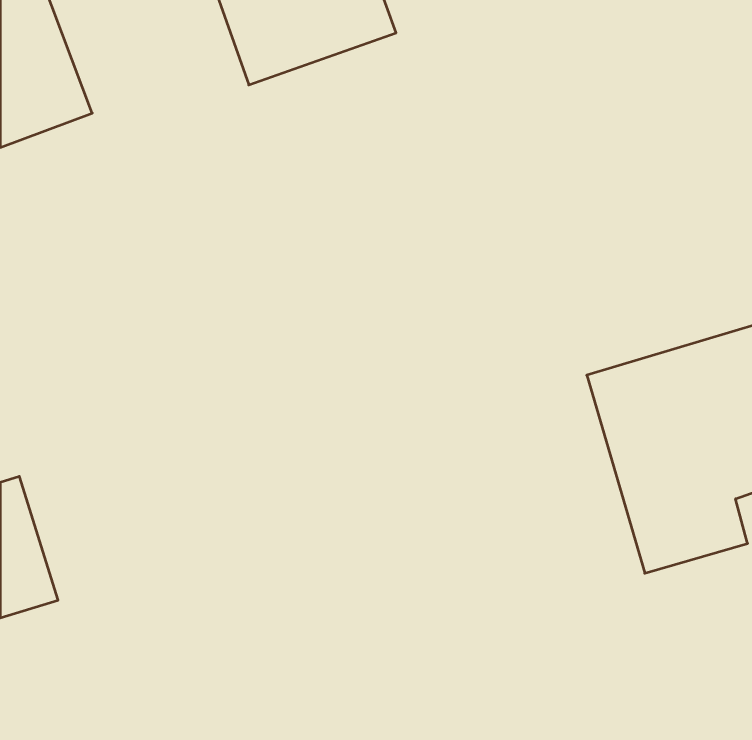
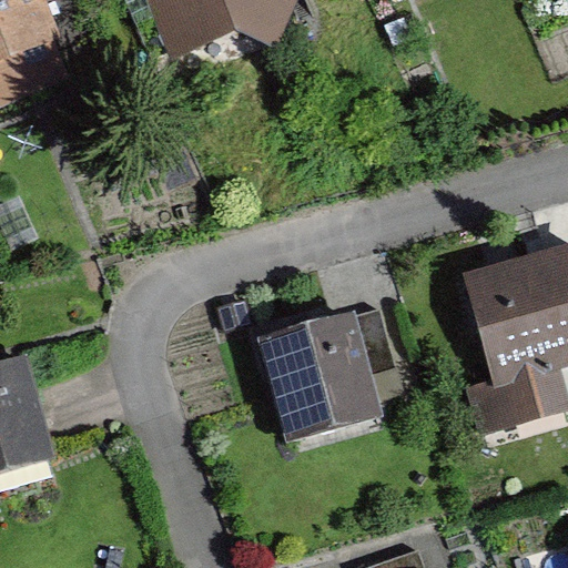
building: none -> [263,314,378,432]

